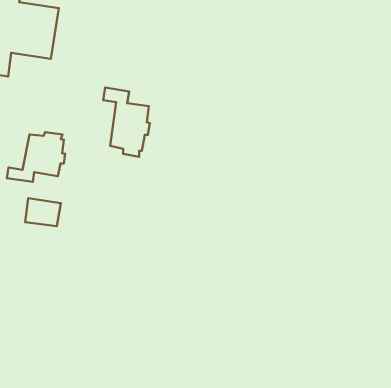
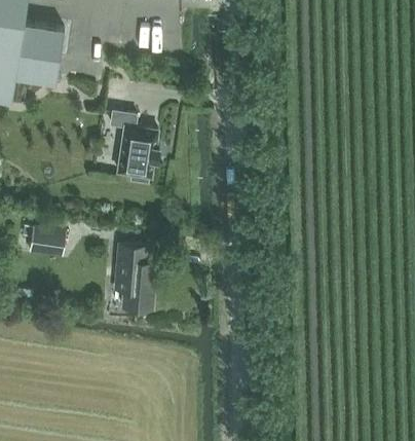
building: [7,132,65,182] -> none
building: none -> [114,244,154,310]

